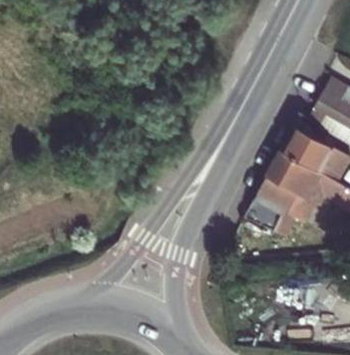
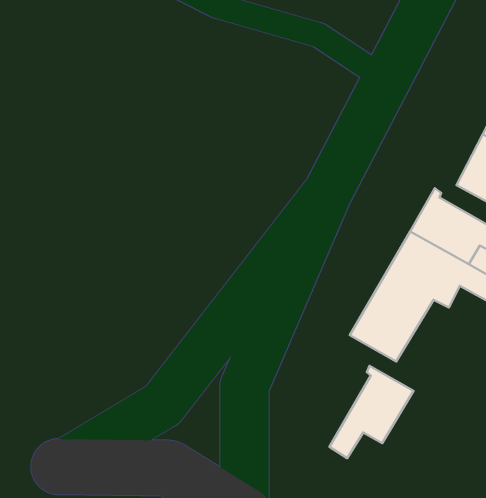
building: none -> [330,366,413,458]

